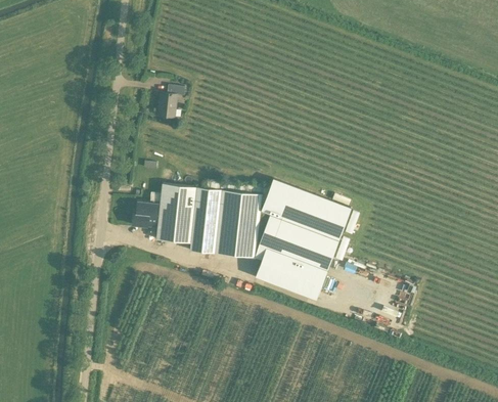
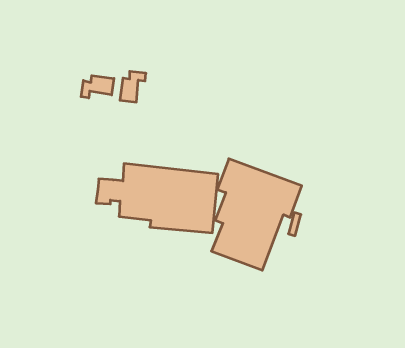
building: none -> [81,76,114,98]

